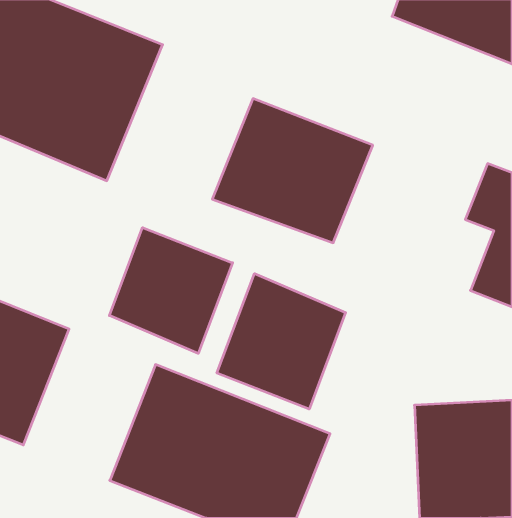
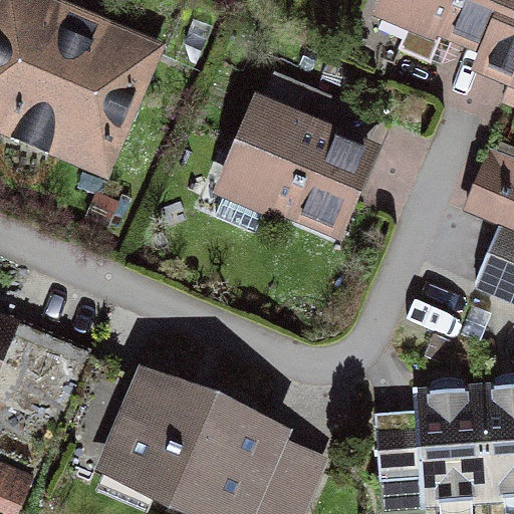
building: [109,228,233,353] -> none
building: [217,274,346,409] -> none

